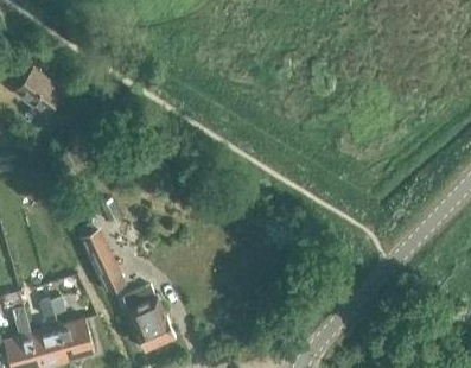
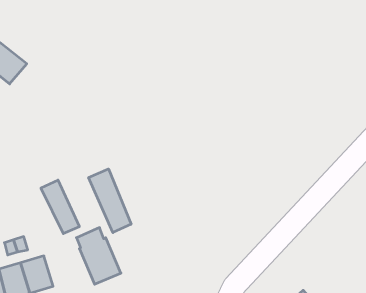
building: none -> [89,169,131,233]

